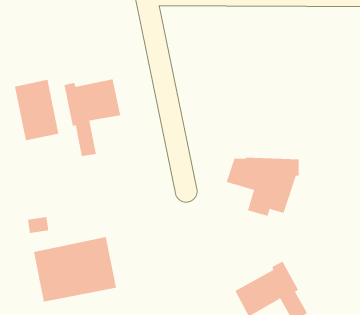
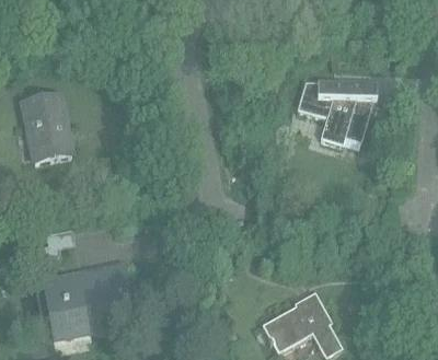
building: [64,79,121,157] -> none
building: [226,157,299,217] -> [297,82,377,147]

